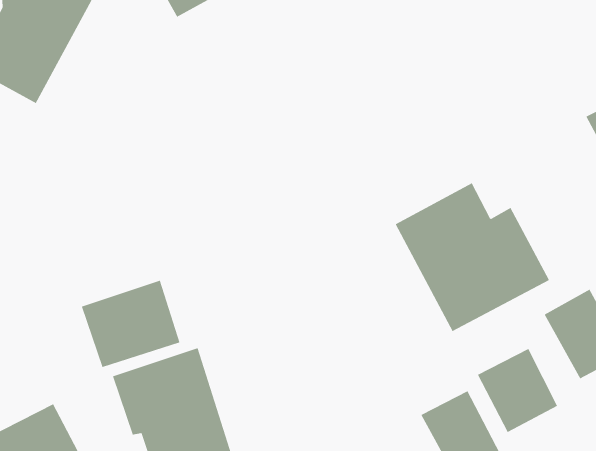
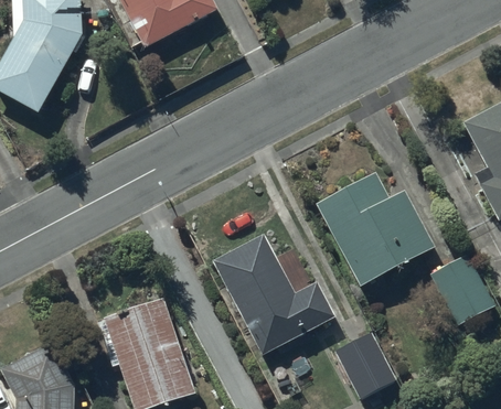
building: none -> [213,234,334,354]
building: [81,280,180,368] -> none
building: [477,348,558,433] -> none

